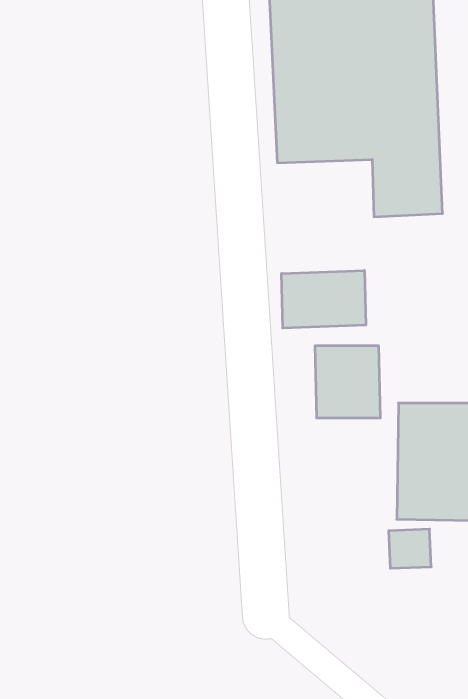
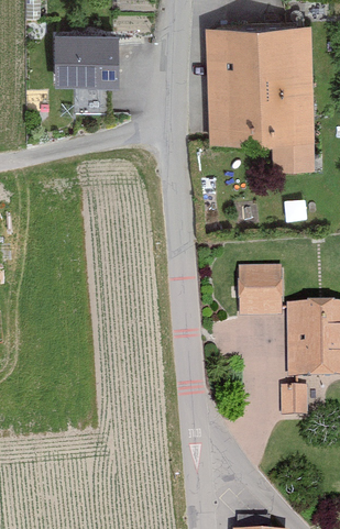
building: none -> [55,38,120,92]
building: [282,270,366,328] -> none

